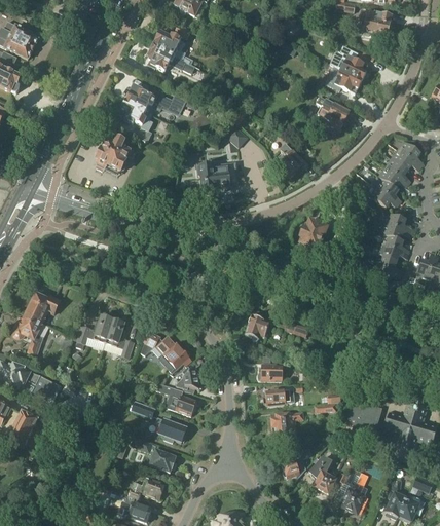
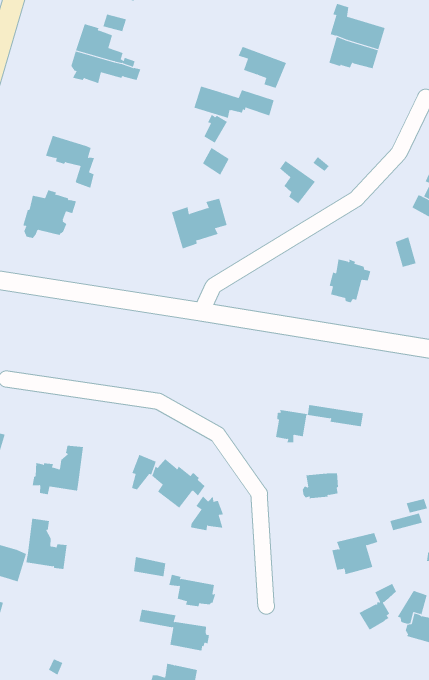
building: [127,86,184,115] -> [194,86,275,119]
building: [317,96,350,128] -> [238,46,287,88]
building: [104,318,135,358] -> [26,518,68,569]
building: [156,382,198,416] -> none
building: [263,388,295,405] -> none

